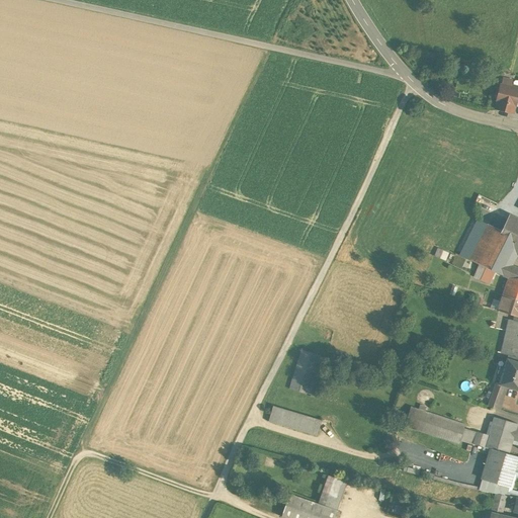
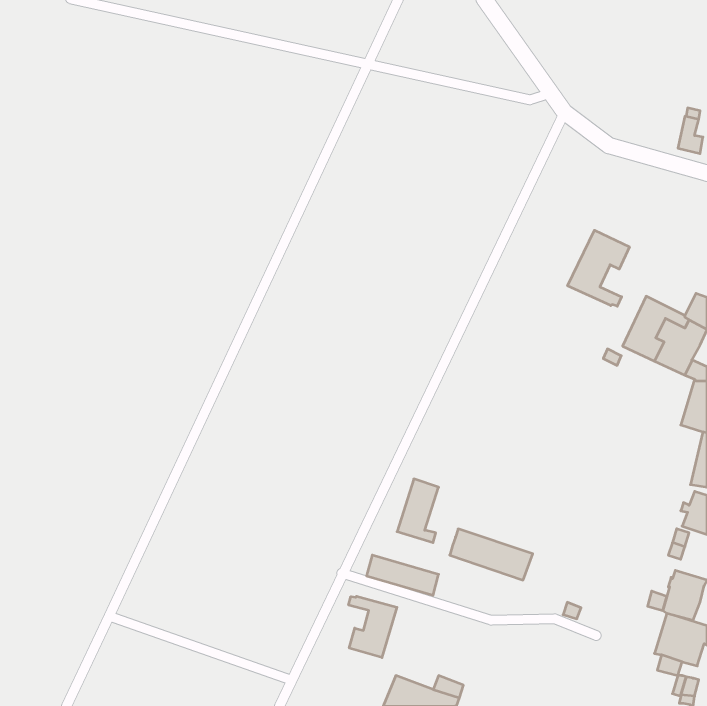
building: none -> [568,230,629,306]
building: [405,407,465,444] -> [450,529,533,580]
building: none -> [349,596,397,658]
building: [321,476,346,501] -> none

